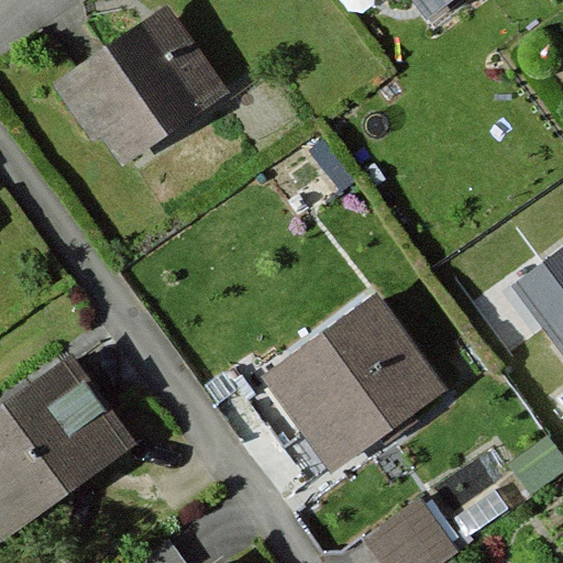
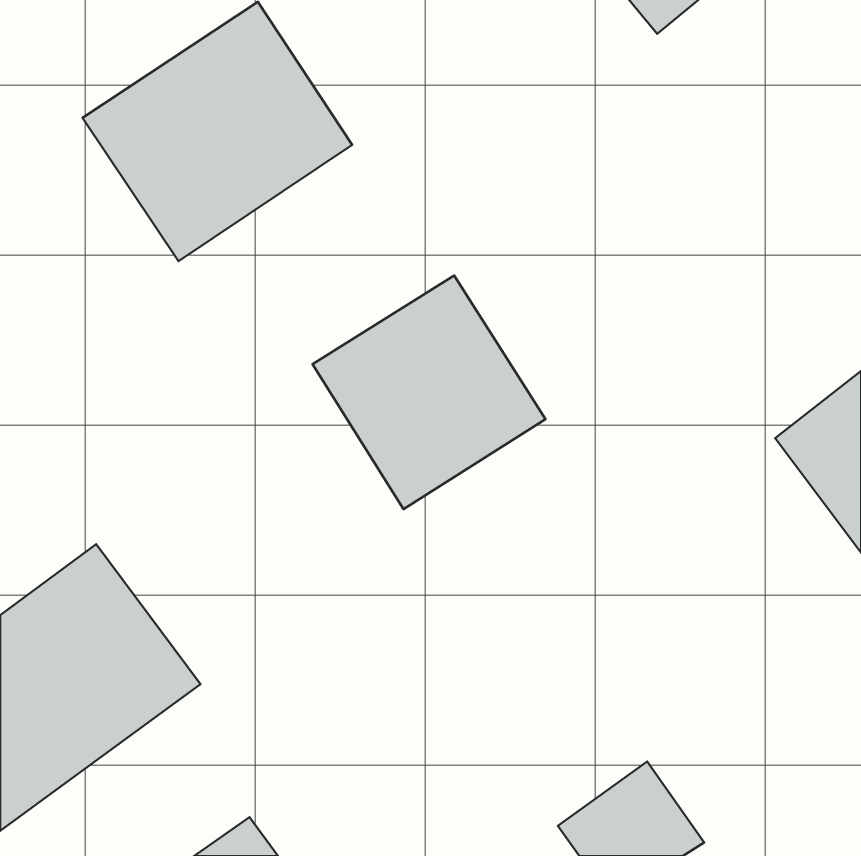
building: none -> [312,275,546,509]
building: [262,296,444,471] -> none

